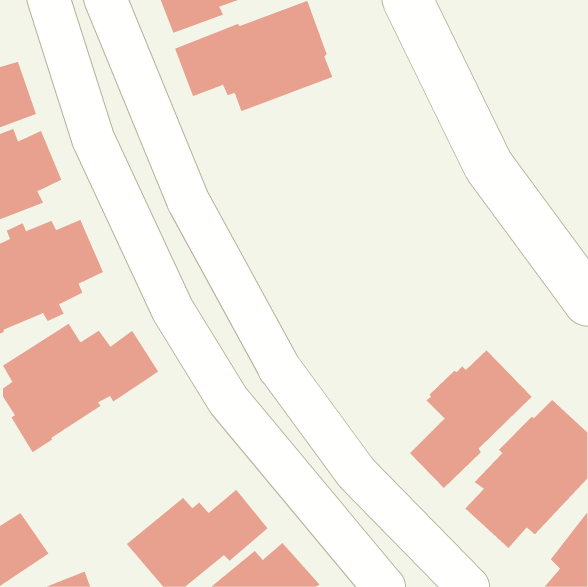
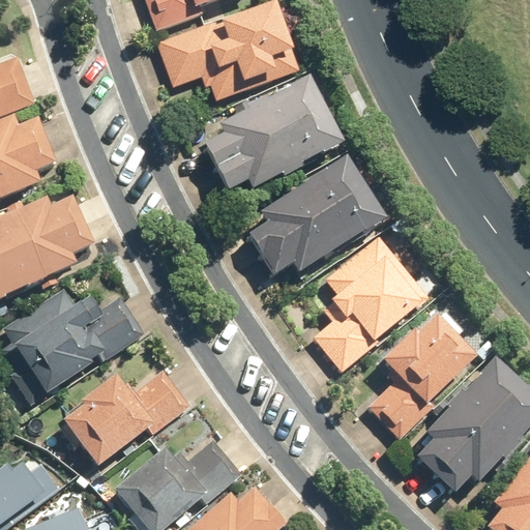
building: none -> [204,76,345,189]
building: none -> [246,156,385,275]
building: none -> [313,236,429,373]
building: none -> [62,370,189,467]

